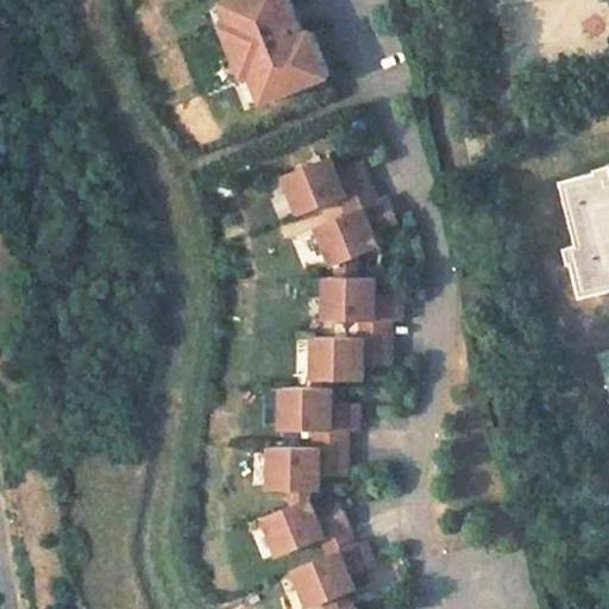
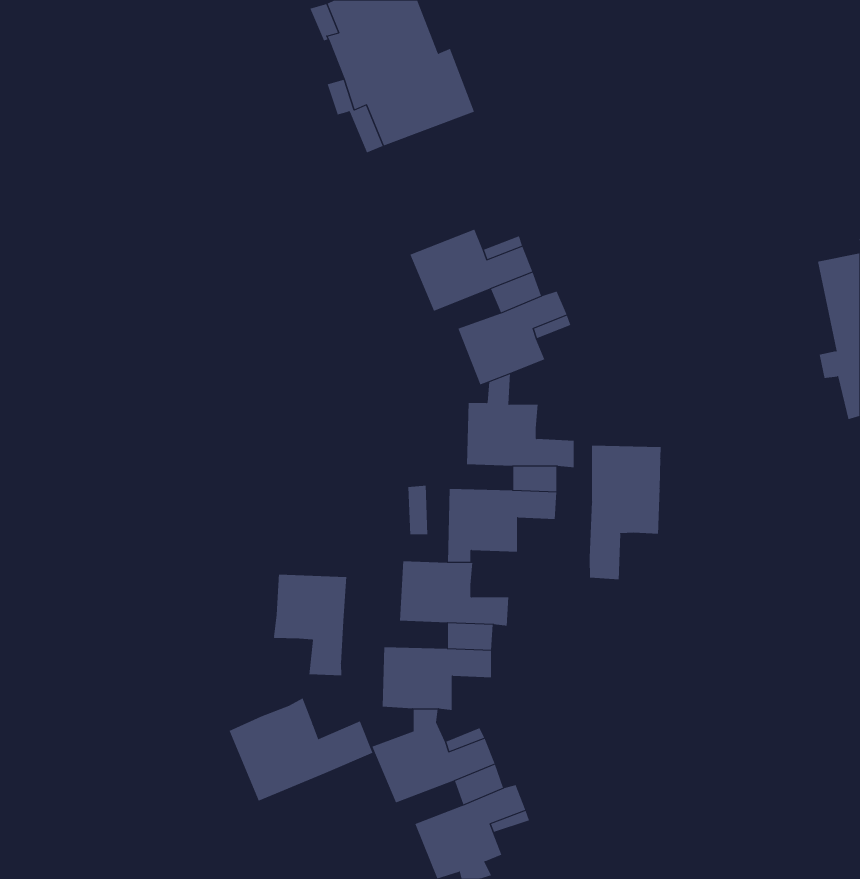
building: none -> [589,445,661,580]
building: none -> [273,574,347,676]
building: none -> [229,698,373,802]

